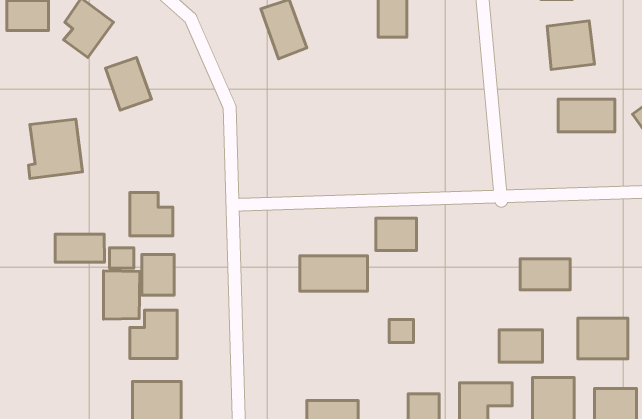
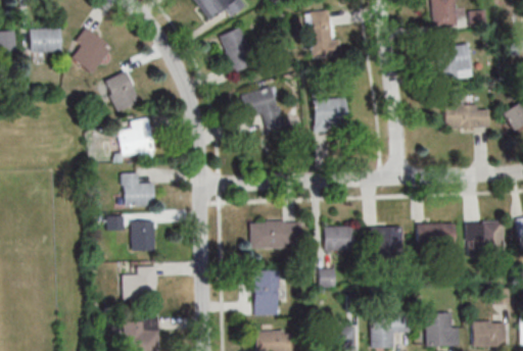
building: none -> [240,86,286,130]
building: none -> [312,97,348,132]
building: [29,119,83,179] -> [113,118,154,163]
building: [376,218,416,251] -> [323,225,353,250]
building: [55,234,105,262] -> none
building: [104,271,140,319] -> none
building: [578,318,628,359] -> [467,221,505,252]
building: none -> [253,270,279,315]
building: [499,330,542,362] -> [370,227,402,251]

